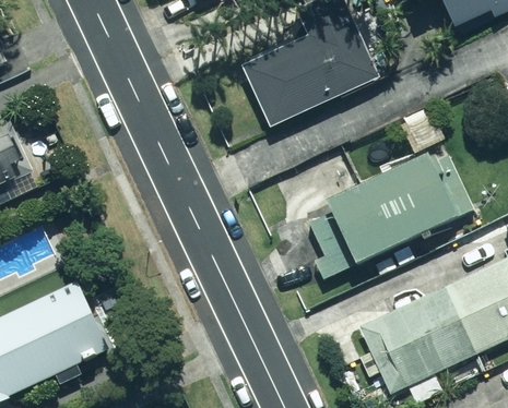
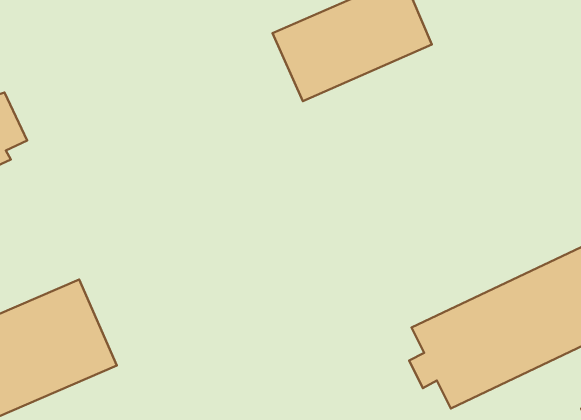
building: [311,151,476,275] -> none

